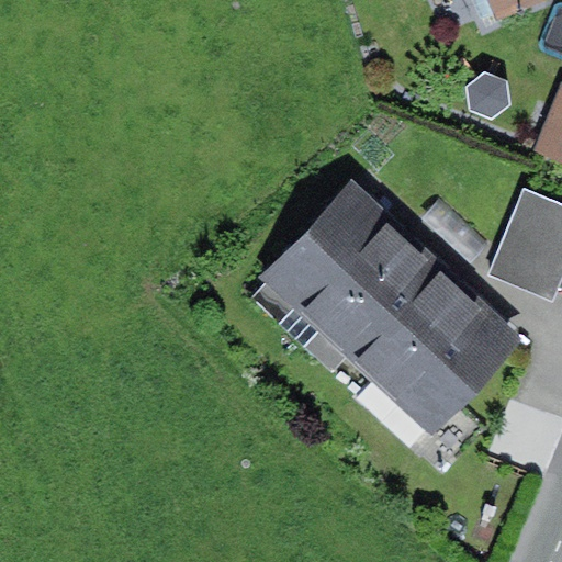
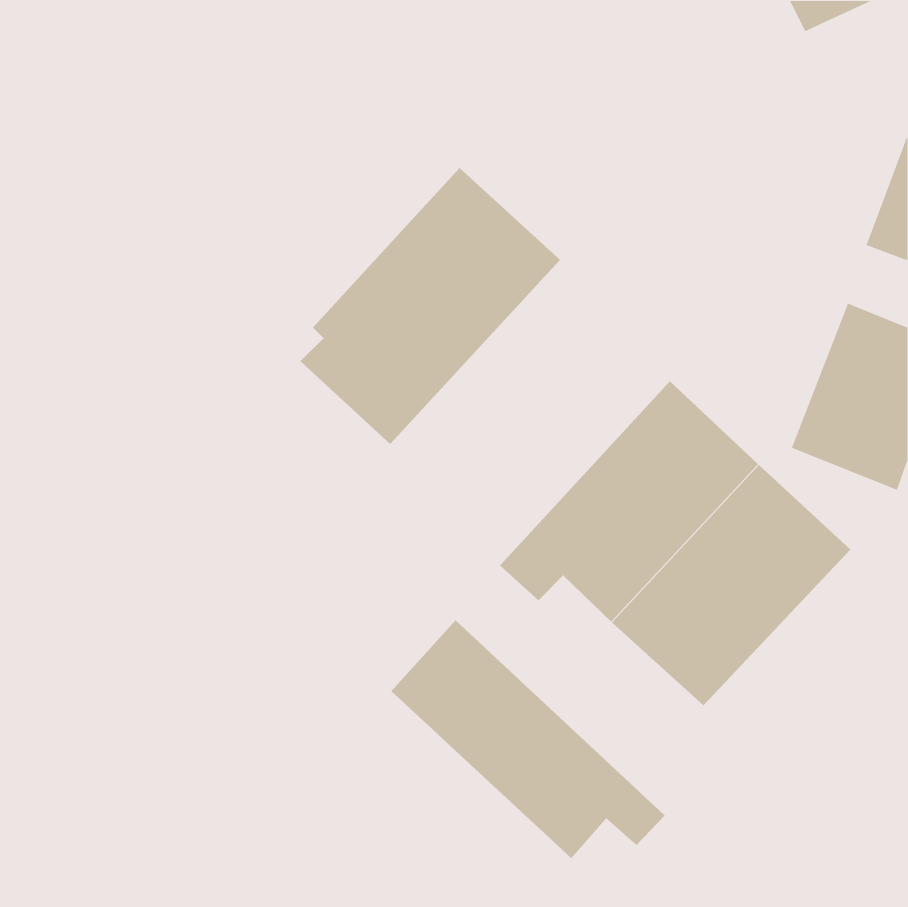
building: [252,179,414,350] -> [300,167,561,445]
building: none -> [390,619,665,859]

